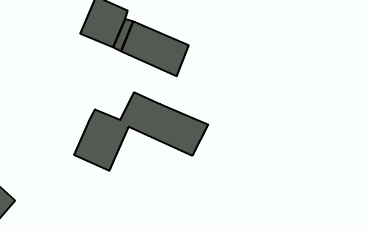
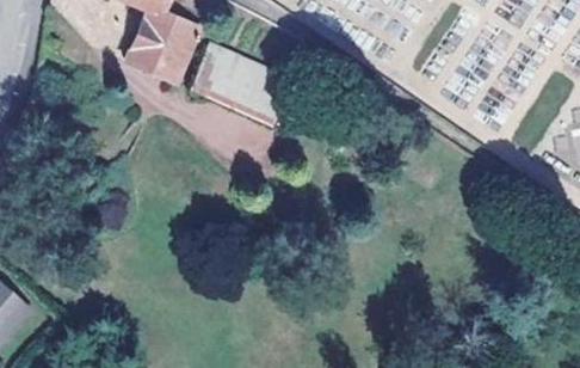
building: [74,92,208,171] -> none

